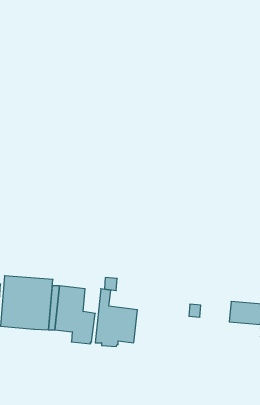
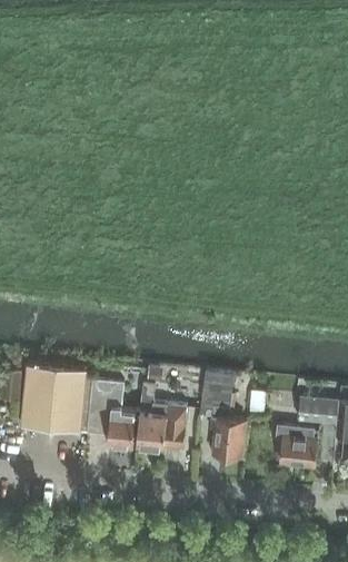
building: none -> [199,371,245,459]
building: none -> [276,424,318,466]

